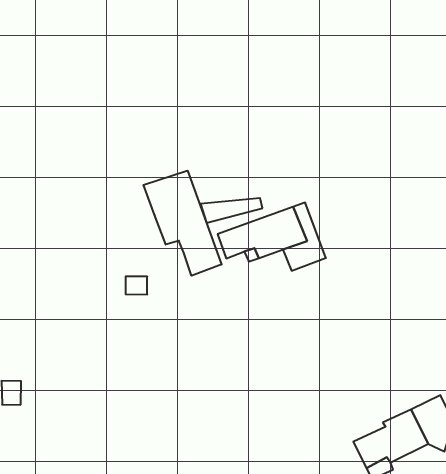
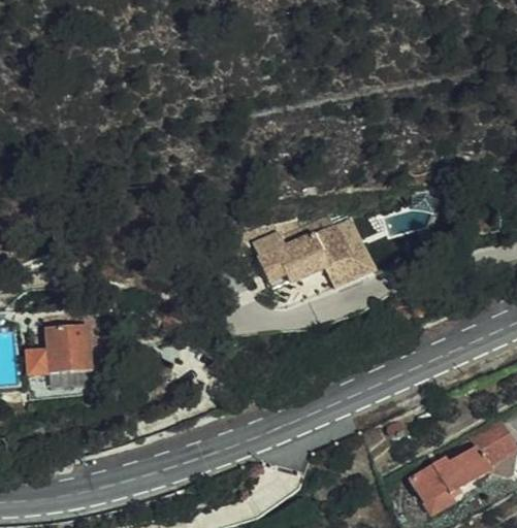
building: [143,171,222,276] -> none
building: none -> [44,315,87,374]

